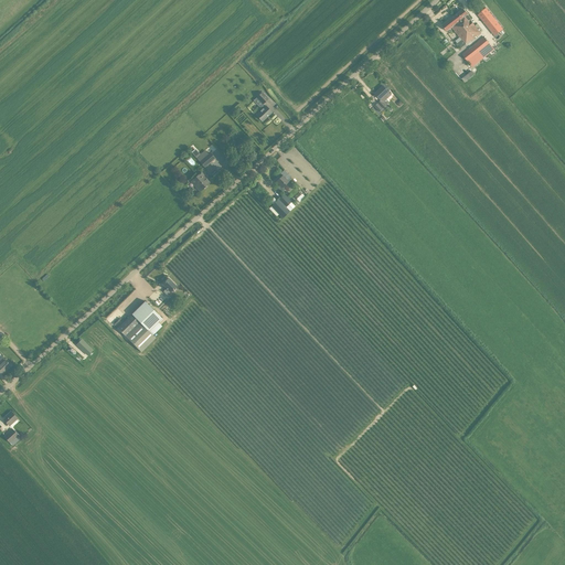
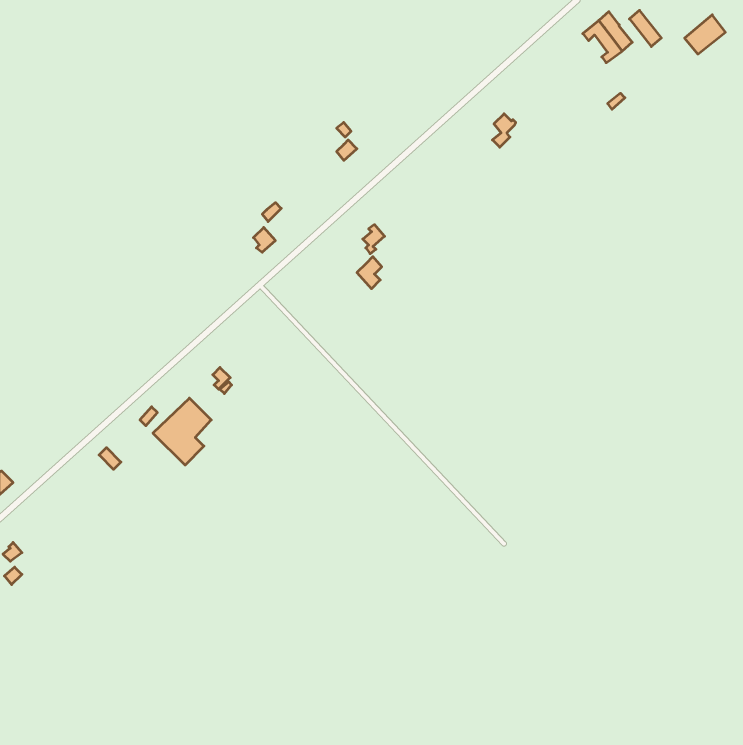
building: [461,36,492,66] -> [685,15,725,54]

